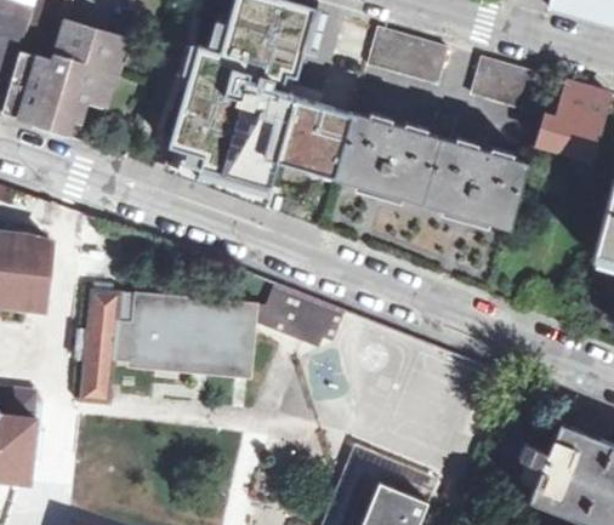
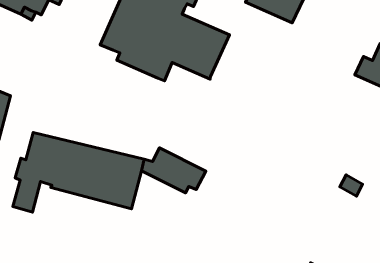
building: [472,56,553,113] -> none
building: [334,113,529,226] -> none

